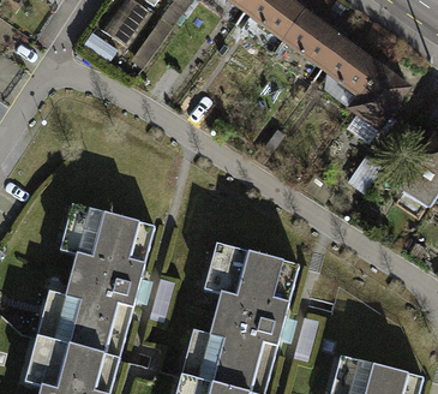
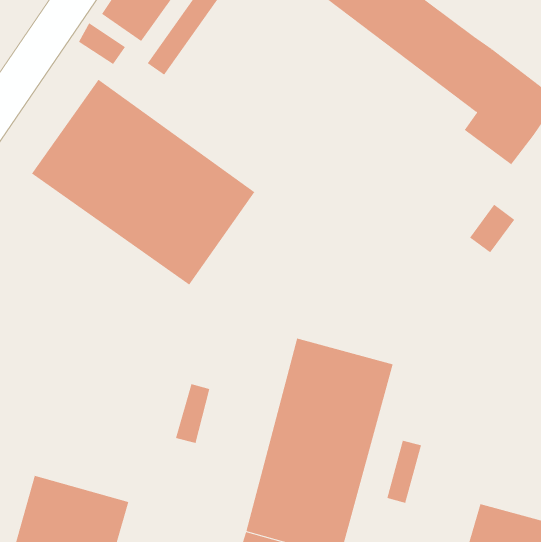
building: none -> [31,79,255,286]
building: [53,210,154,360] -> none

